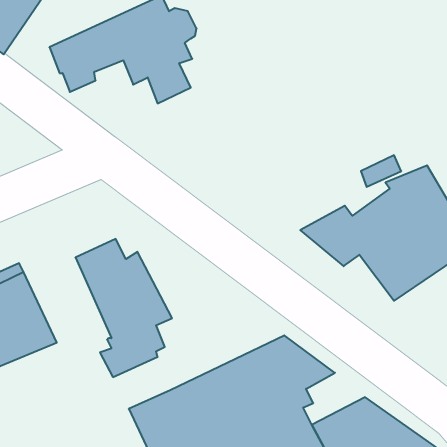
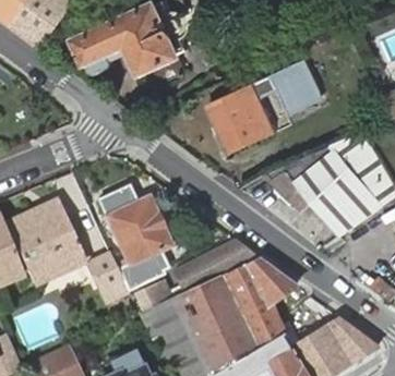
building: none -> [208,57,321,153]
building: none -> [165,242,253,301]
building: none -> [88,255,127,306]

